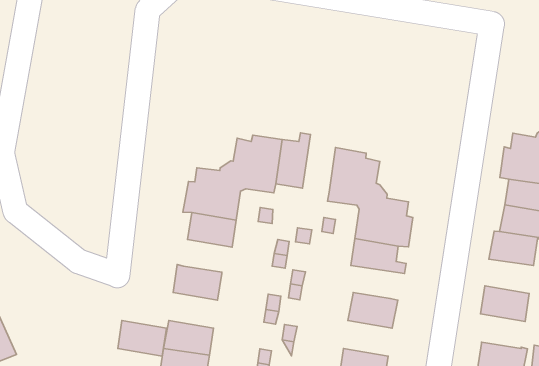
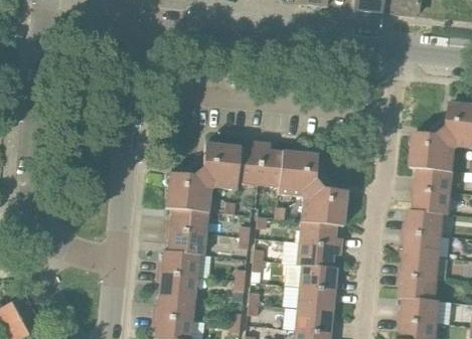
building: none -> [258,142,282,186]
building: none -> [168,229,205,256]
building: none -> [405,231,442,257]
building: none -> [296,242,341,267]
building: none -> [400,275,438,300]
building: [118,320,166,356] -> [159,272,196,298]
building: none -> [297,286,334,312]

